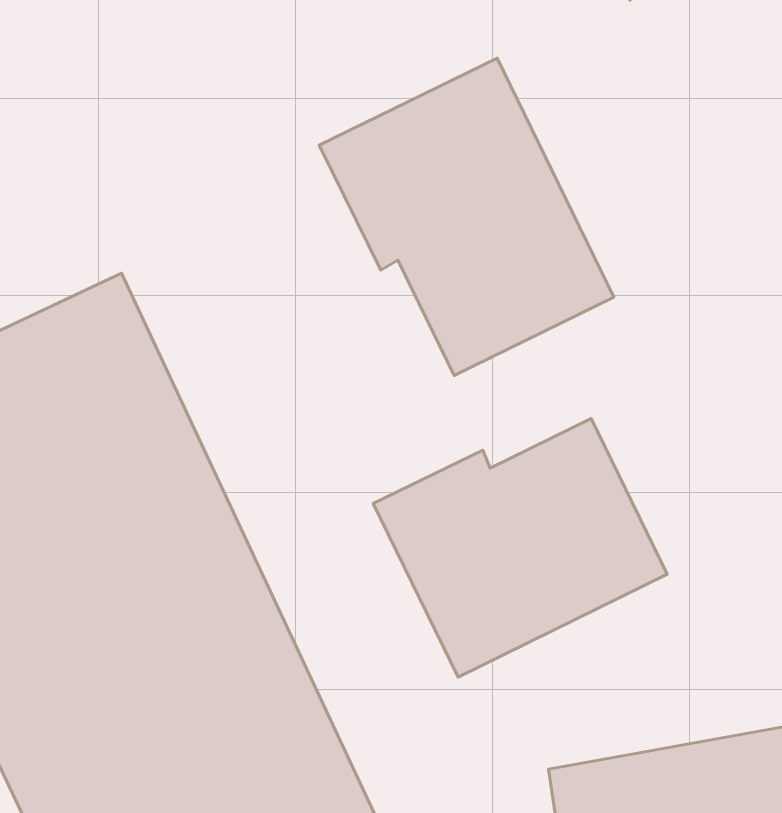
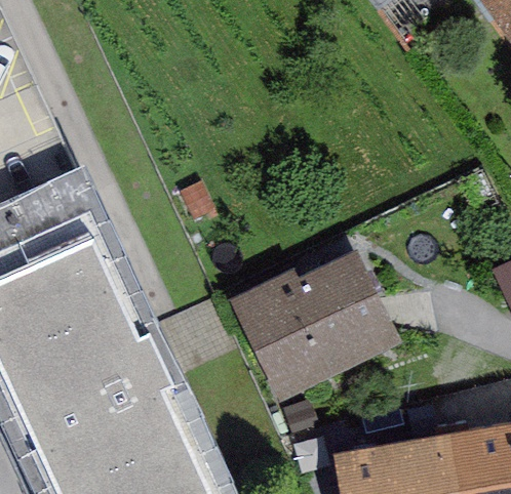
building: [319,58,614,376] -> none

